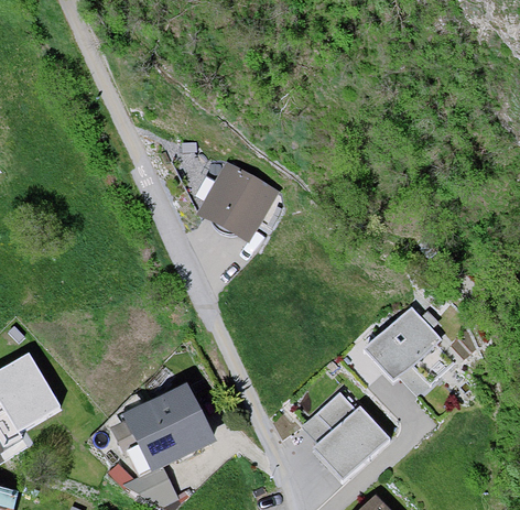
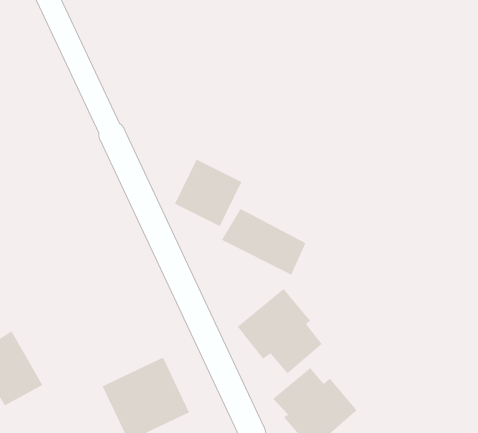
building: none -> [221,208,306,276]
building: [362,306,453,397] -> [237,288,323,374]

